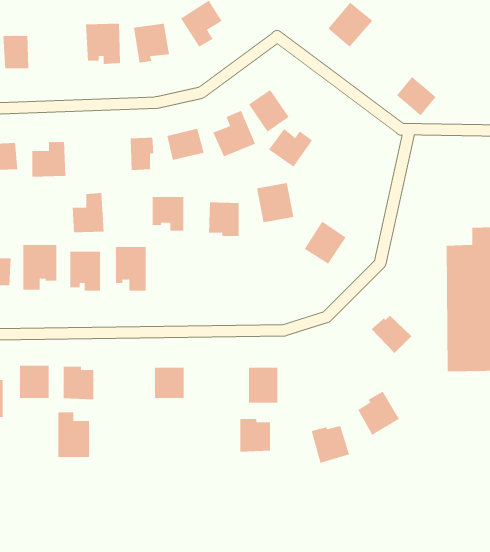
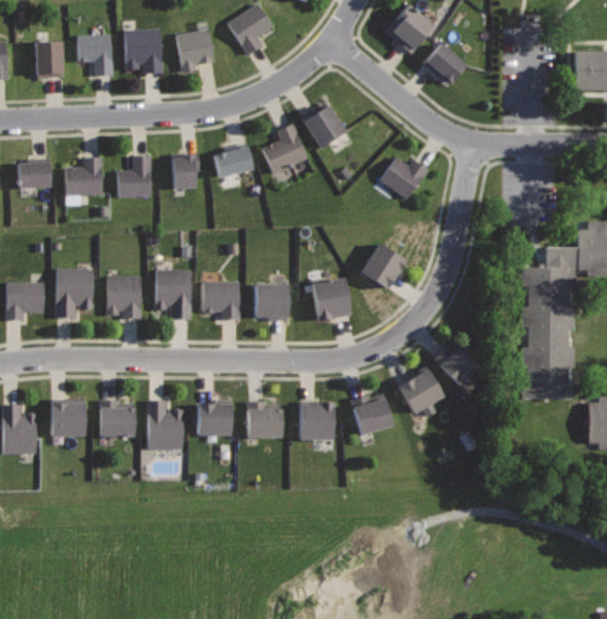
building: none -> [76,34,112,76]
building: [396,76,436,116] -> [423,44,467,87]
building: [268,128,313,167] -> [378,157,427,199]
building: [256,183,294,223] -> [311,278,352,322]
building: [72,193,104,233] -> [117,155,152,198]
building: [152,196,184,231] -> [203,282,238,319]
building: [208,202,239,236] -> [254,284,288,322]
building: [357,391,400,436] -> [398,366,444,415]
building: [57,412,90,458] -> [148,400,183,450]
building: [239,418,271,452] -> [247,401,281,438]
building: [311,425,350,463] -> [351,394,393,435]

